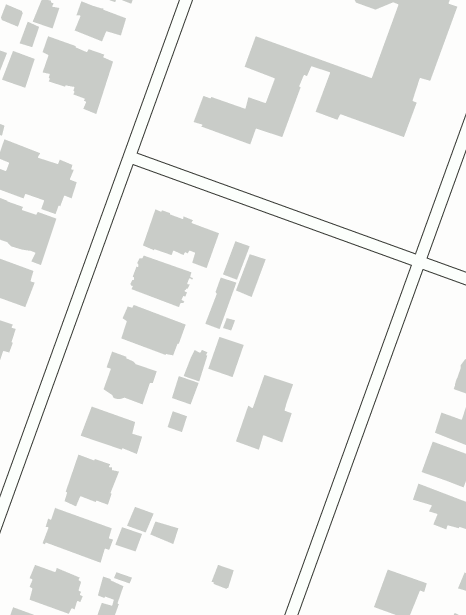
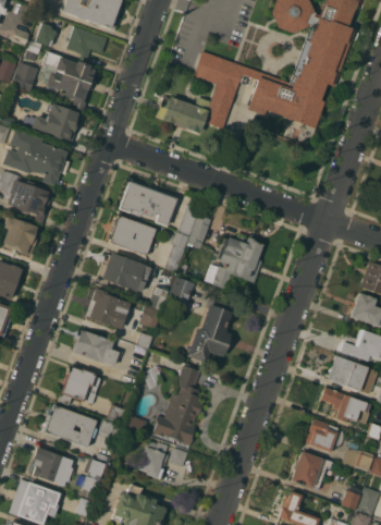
building: none -> [32,102,82,142]
building: none -> [211,234,262,291]
building: none -> [153,365,204,445]
building: none -> [304,418,344,452]
building: none -> [138,440,169,479]

